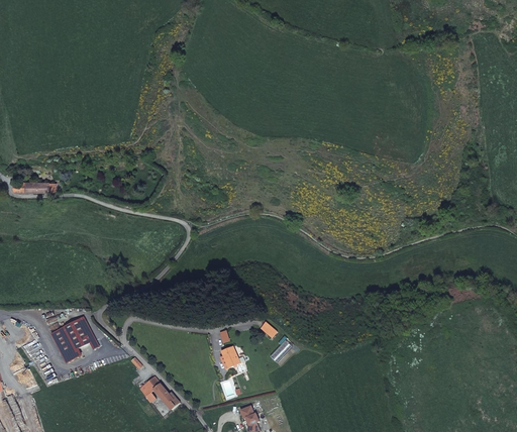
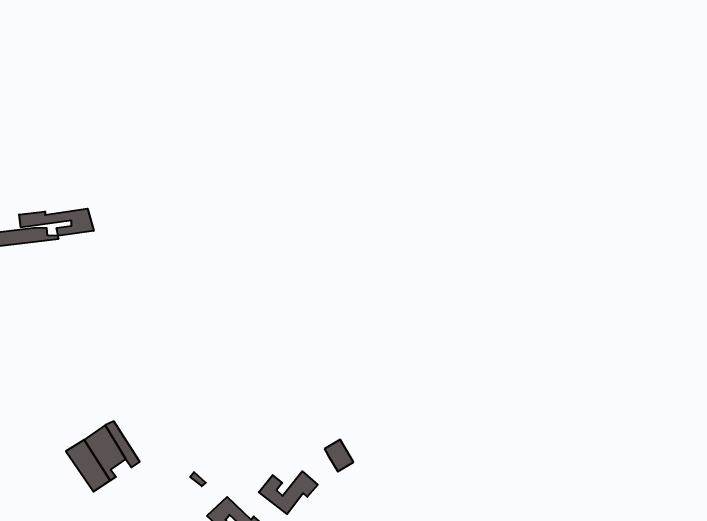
building: none -> [19,209,94,236]
building: none -> [259,471,318,514]

